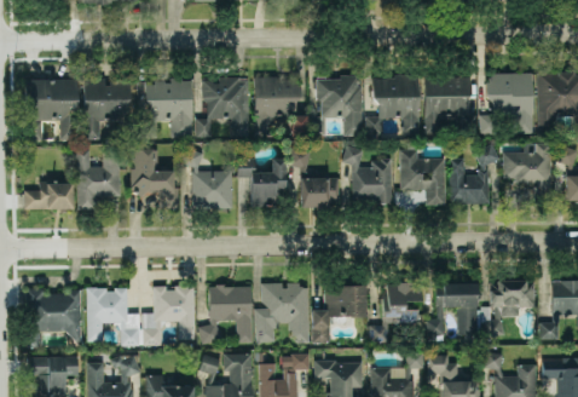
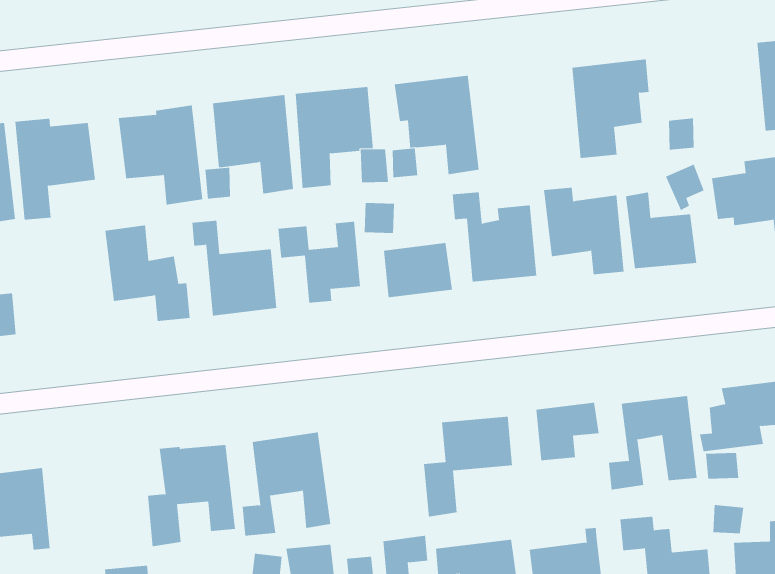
building: [487,73,533,133] -> none
building: [366,76,420,133] -> none
building: [77,150,120,209] -> none
building: [255,282,310,343] -> none
building: [87,288,139,345] -> none

